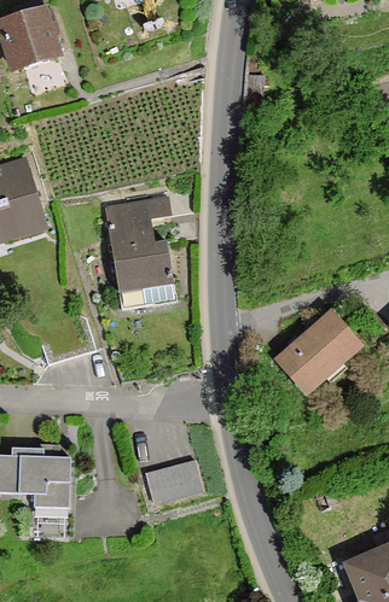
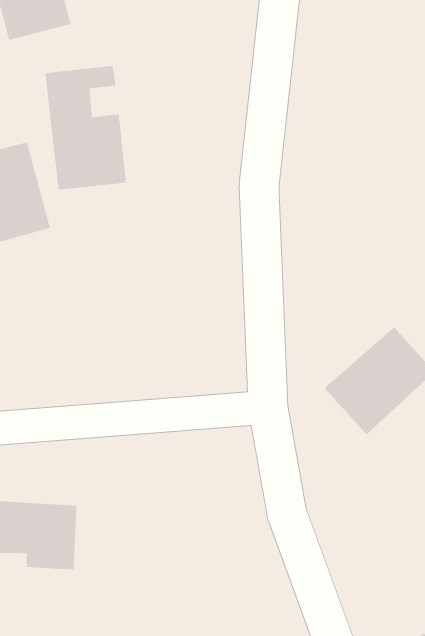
building: [109,197,176,299] -> [45,65,127,190]
building: [139,456,203,504] -> none

